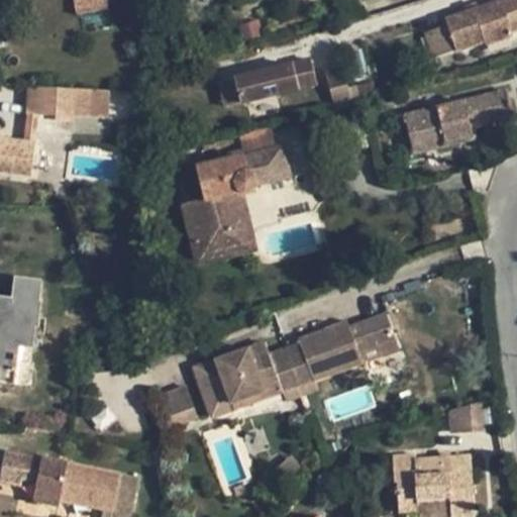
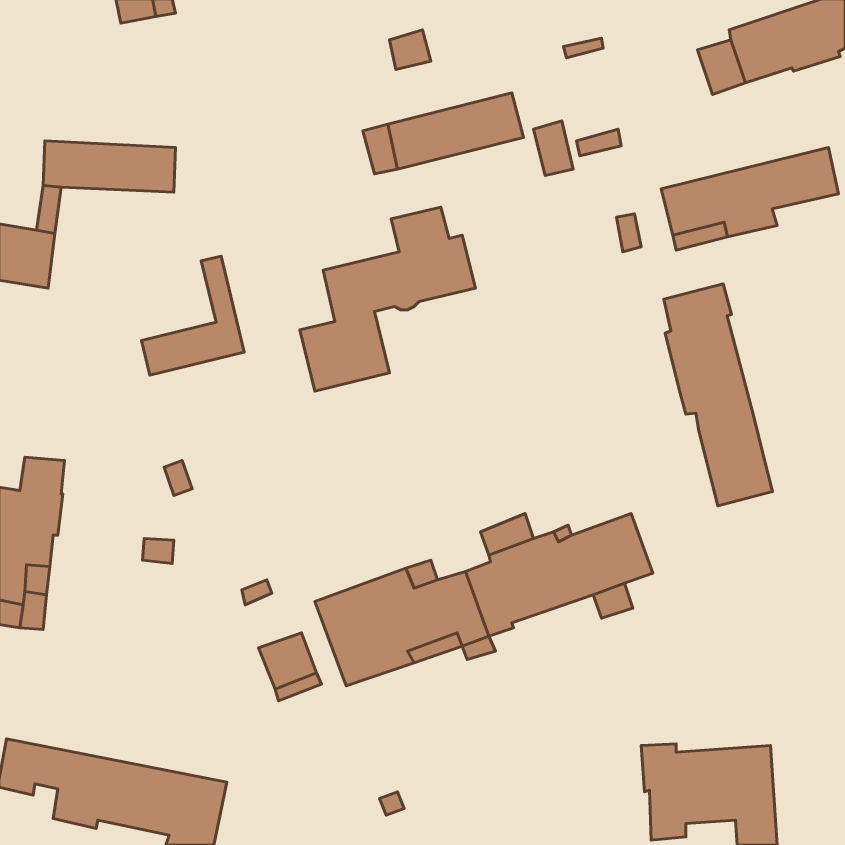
building: none -> [664,284,773,506]
building: [192,187,254,260] -> [142,256,244,375]
building: [448,404,482,432] -> none

